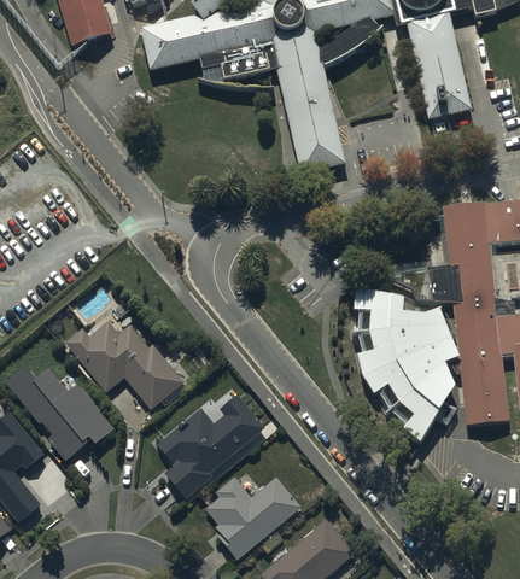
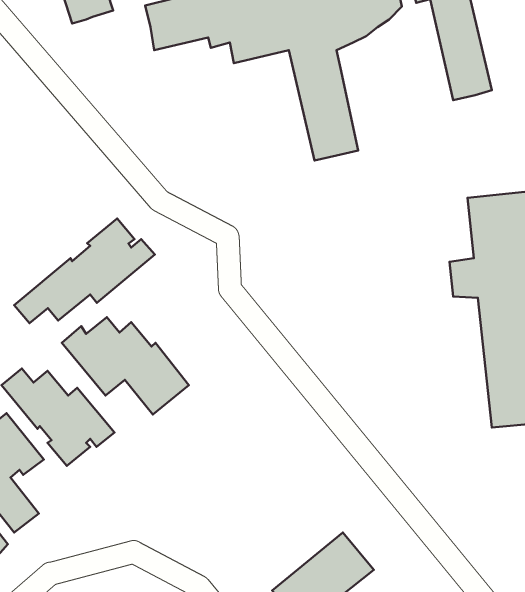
building: none -> [14,218,155,323]
building: [355,286,457,439] -> none
building: [157,397,265,501] -> none
building: [204,478,300,562] -> none

